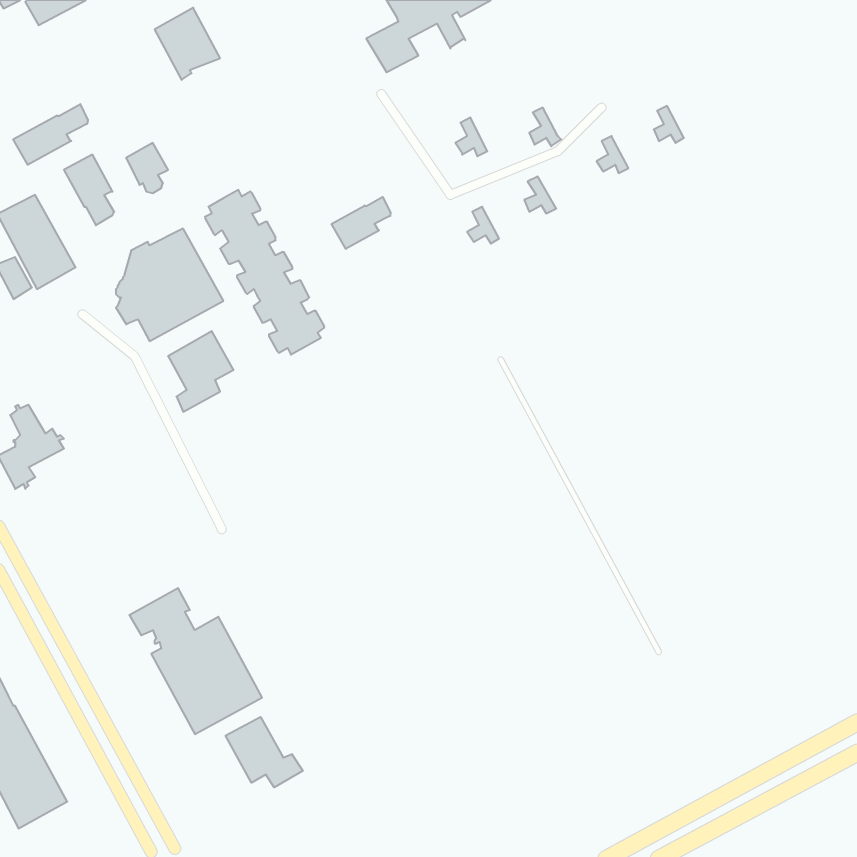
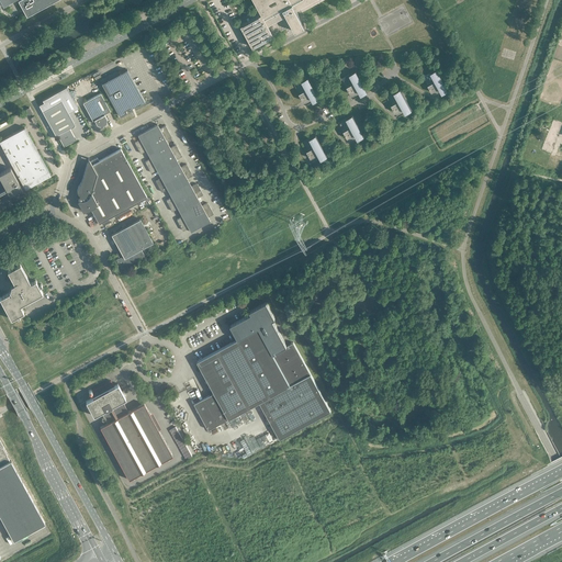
building: [155,8,220,80] -> [101,70,144,117]
building: [13,104,88,165] -> none
building: [332,197,391,249] -> none
building: none -> [193,303,330,440]
building: [226,717,303,787] -> none

